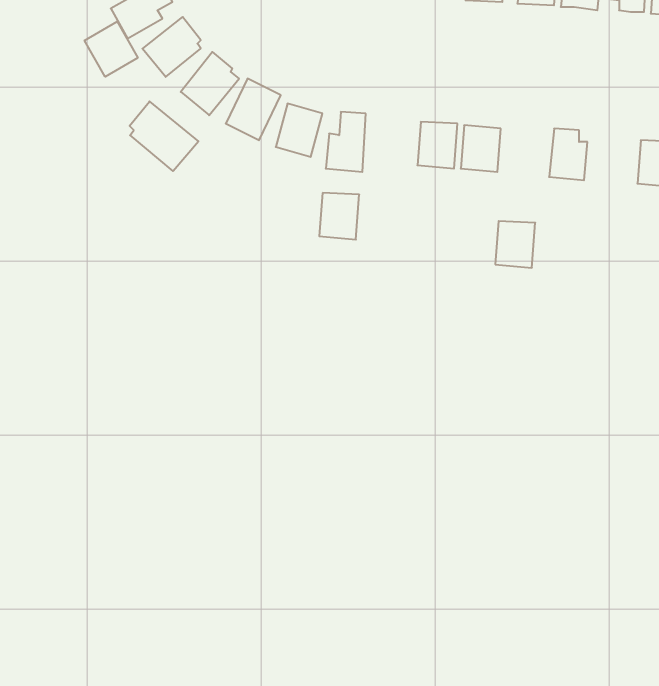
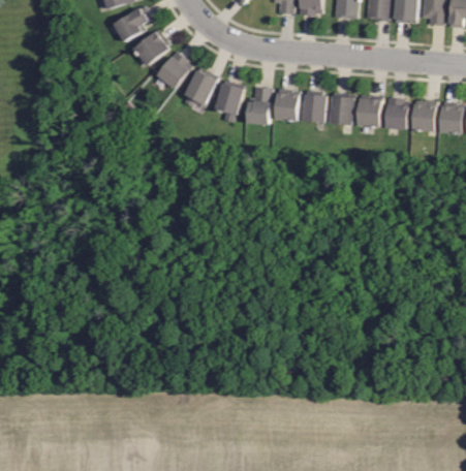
building: [85,21,138,77] -> none
building: [130,101,198,171] -> none
building: none -> [411,102,436,131]
building: [319,193,359,240] -> [275,92,300,121]
building: [495,221,535,268] -> [358,98,382,127]

